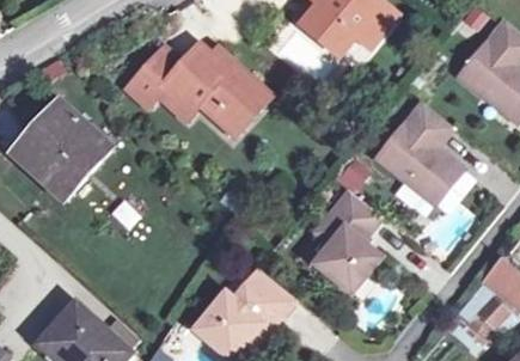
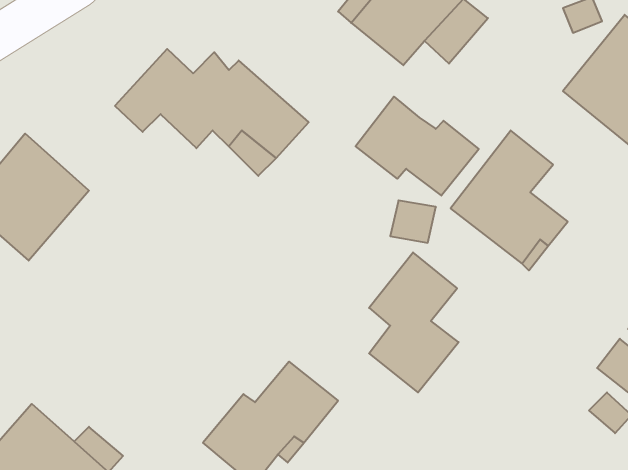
building: none -> [356,97,479,196]

